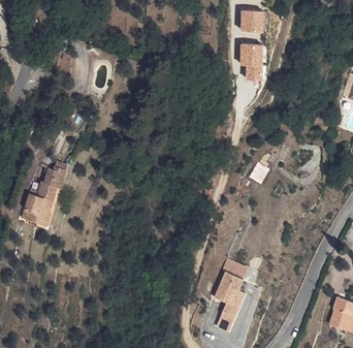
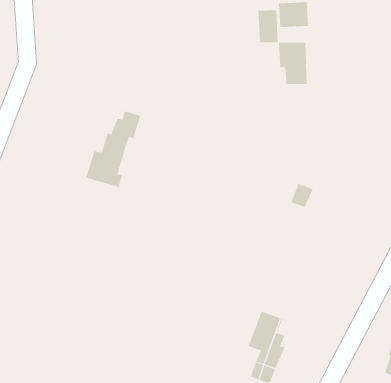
building: none -> [258,10,278,43]
building: [23,162,70,227] -> [85,111,141,187]

